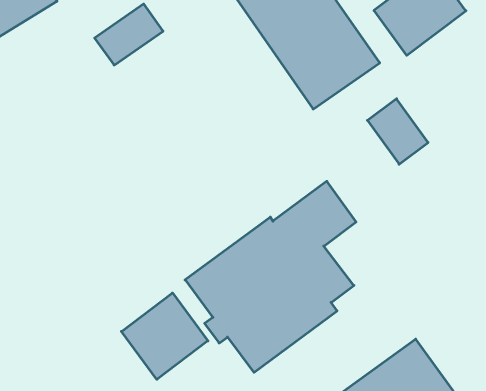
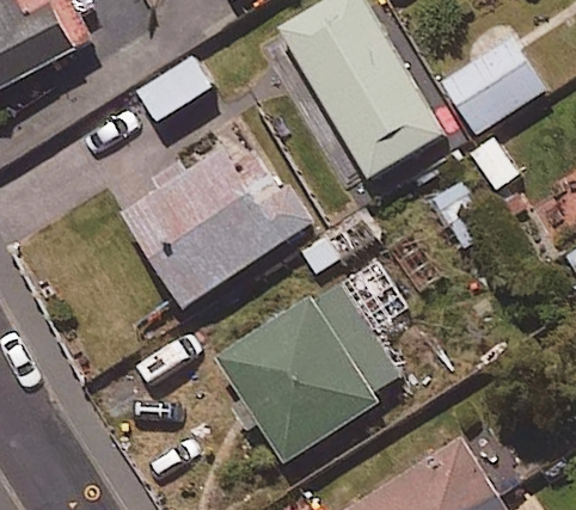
building: none -> [124,145,317,306]
building: [121,293,208,379] -> none

